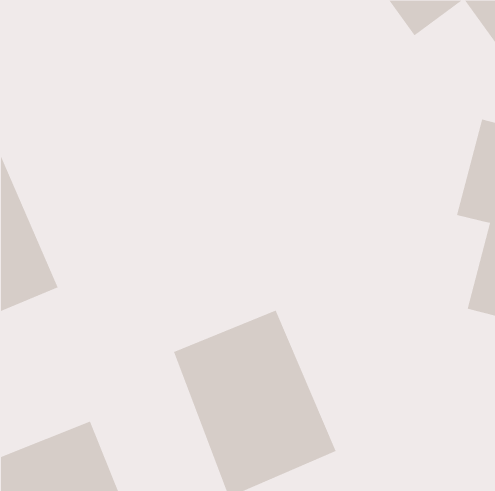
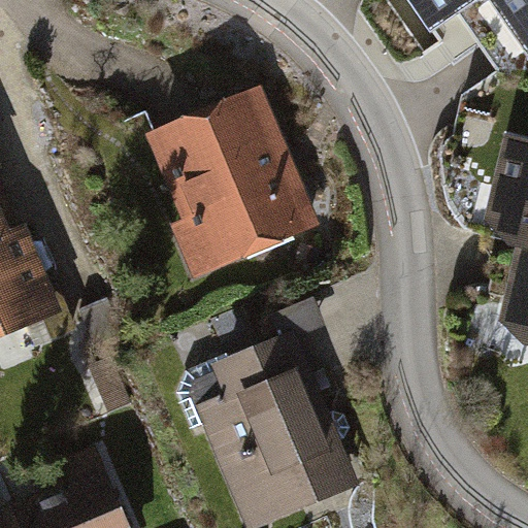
building: none -> [135,88,319,278]

